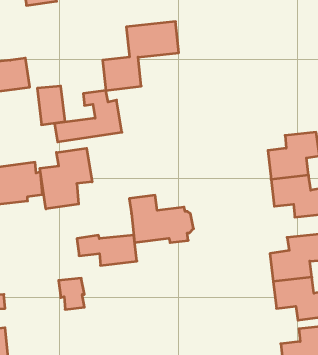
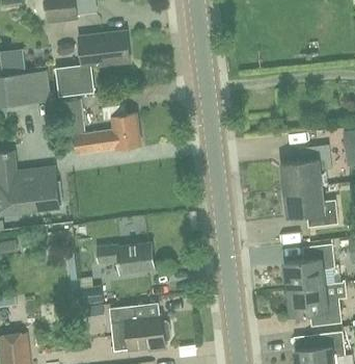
building: [103,22,179,90] -> [56,30,130,97]
building: [40,148,92,209] -> none
building: [129,195,194,243] -> [109,305,171,350]

